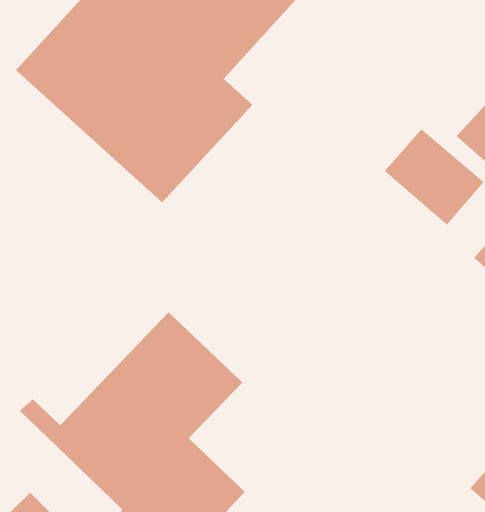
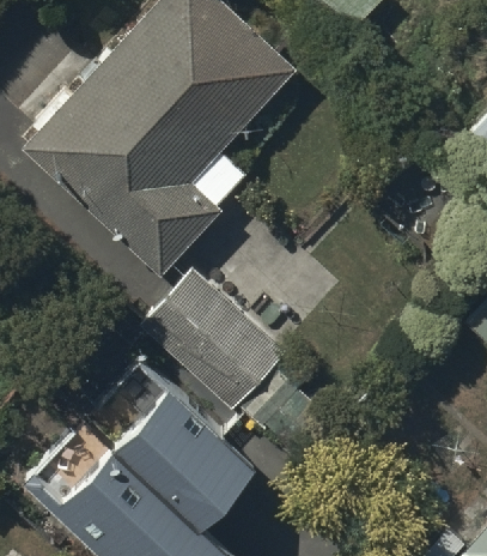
building: none -> [154,260,294,397]

